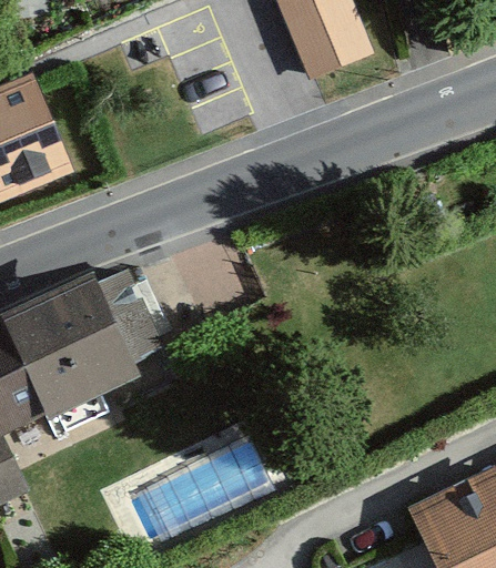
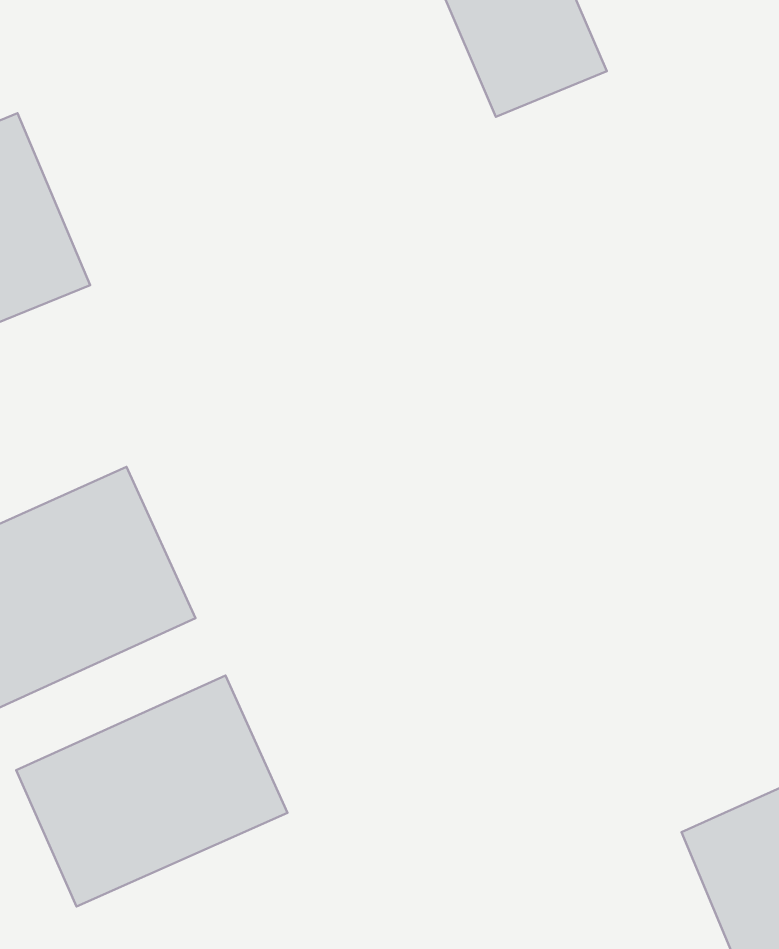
building: none -> [16,676,287,906]

